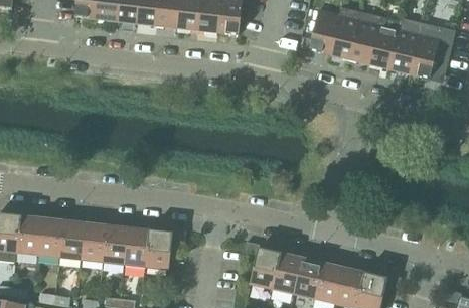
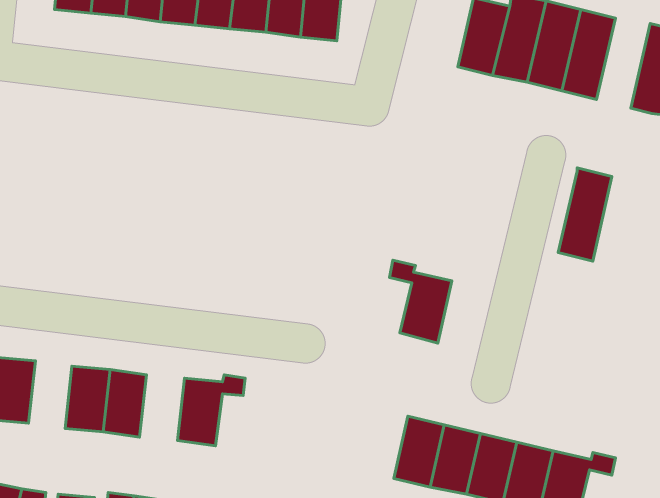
building: [389,19,421,73] -> [558,168,612,261]
building: [59,220,85,260] -> none
building: [124,228,150,267] -> none
building: [244,241,280,289] -> [389,260,452,343]

